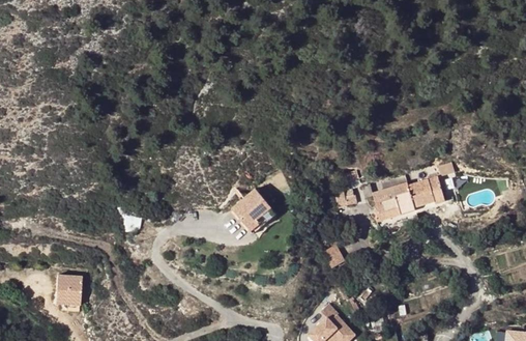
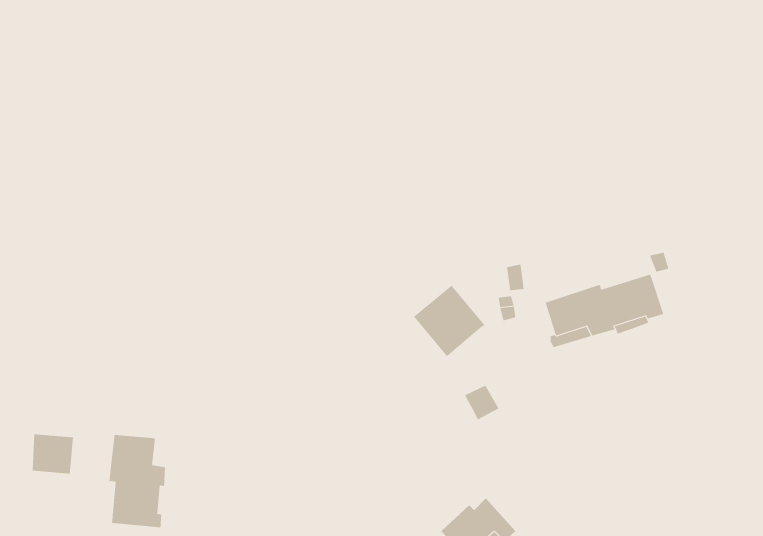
building: [233,190,277,234] -> [413,285,485,357]
building: none -> [109,434,165,528]

